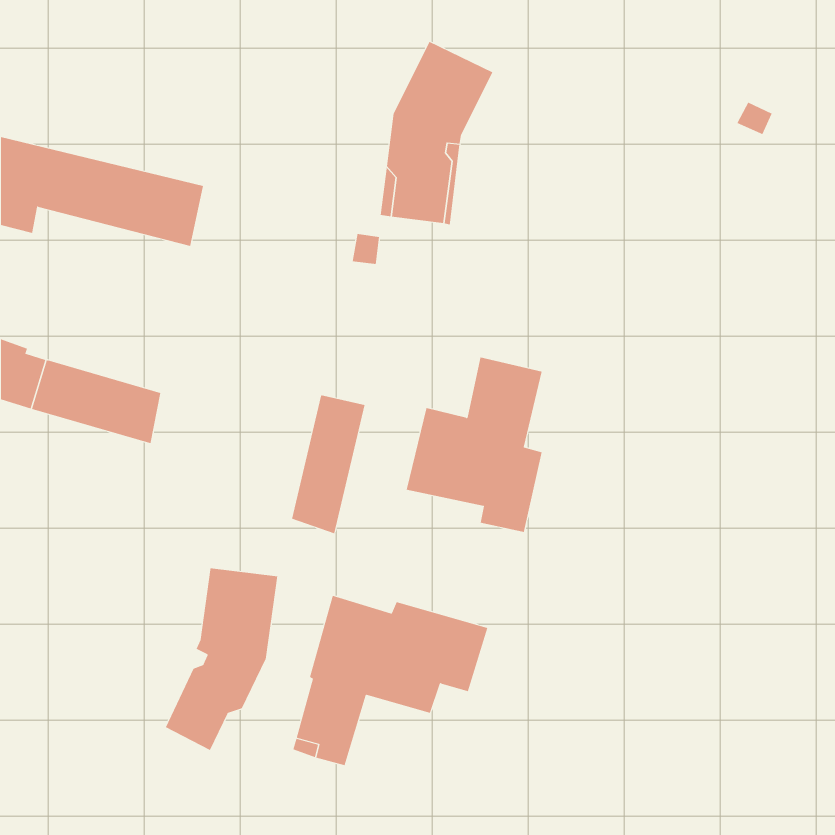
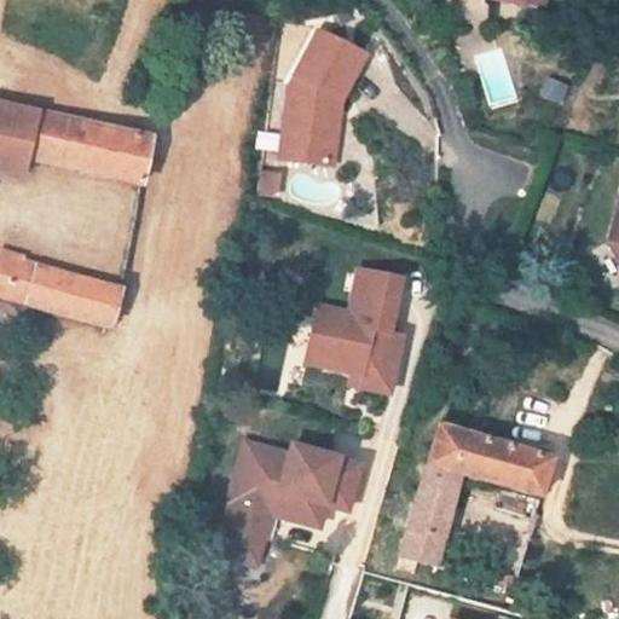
building: [292,395,365,534] -> none
building: [165,567,278,751] -> none
building: none -> [399,423,554,571]

